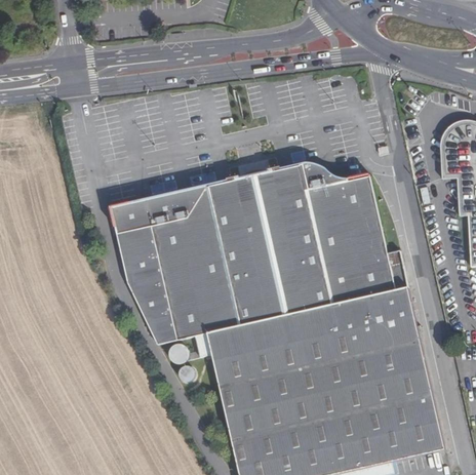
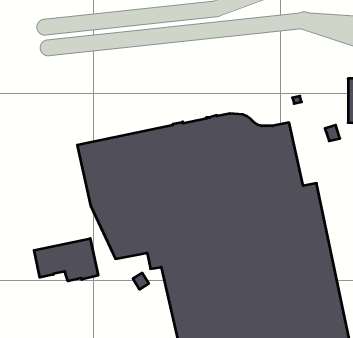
building: none -> [34,238,98,281]

